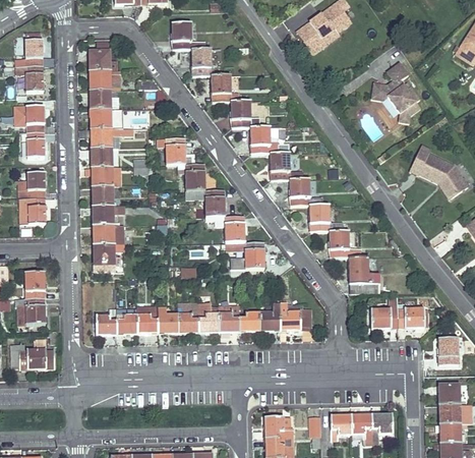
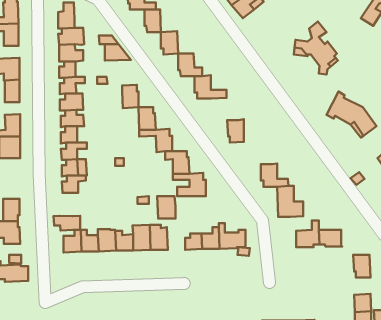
building: [270,152,302,178] -> none
building: [308,204,342,230] -> none
building: none -> [53,216,80,230]
building: [218,304,239,331] -> [157,196,175,219]

